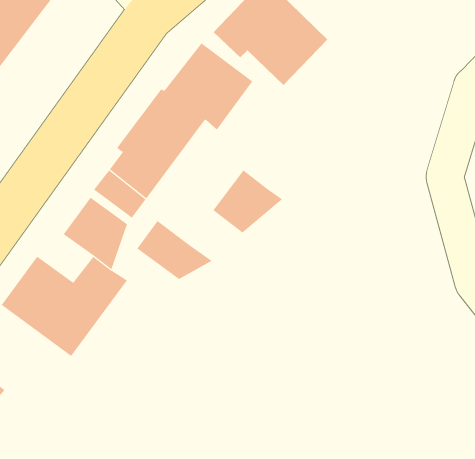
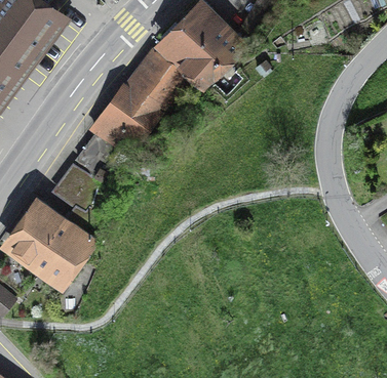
building: [212,169,283,233] -> none
building: [137,220,213,280] -> none

